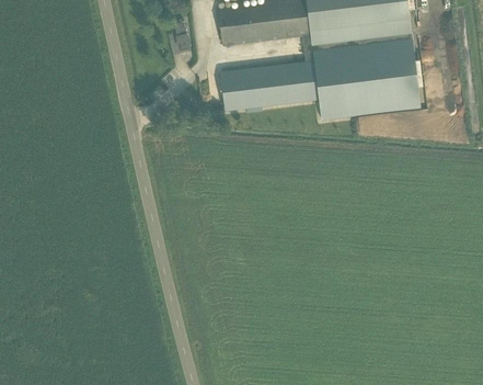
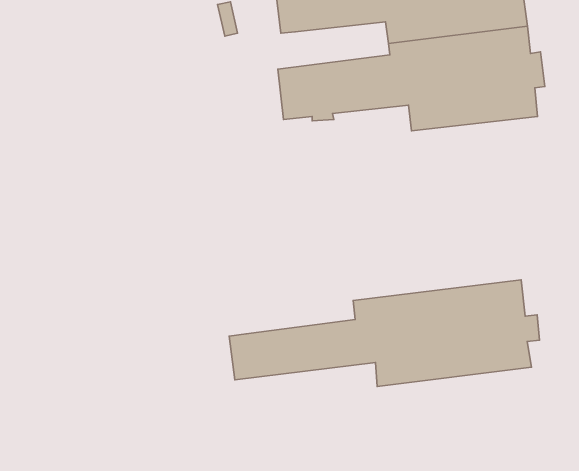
building: none -> [229,280,539,386]

